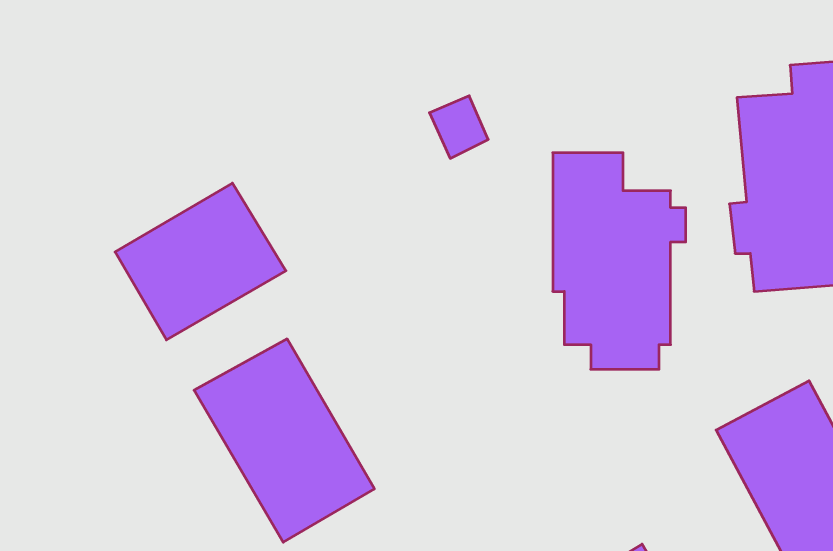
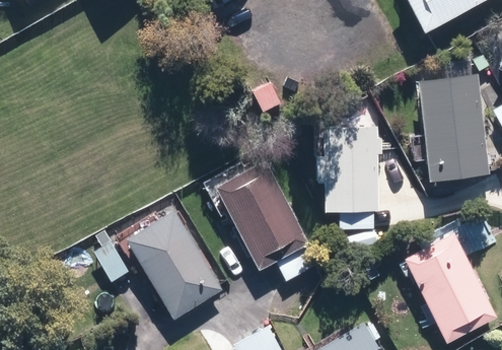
building: [115,183,286,340] -> none
building: none -> [216,162,311,271]

